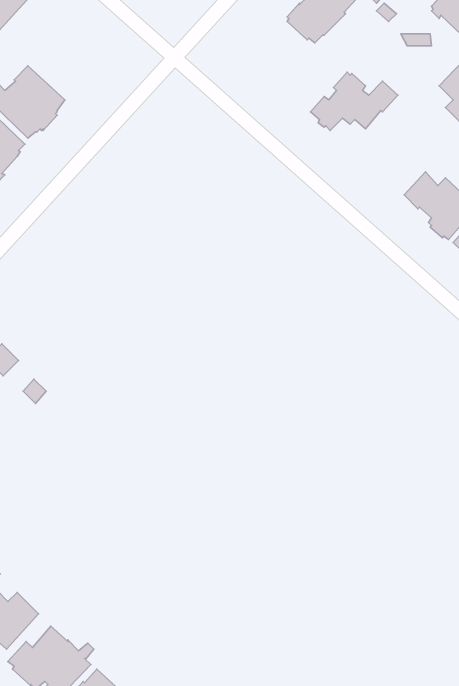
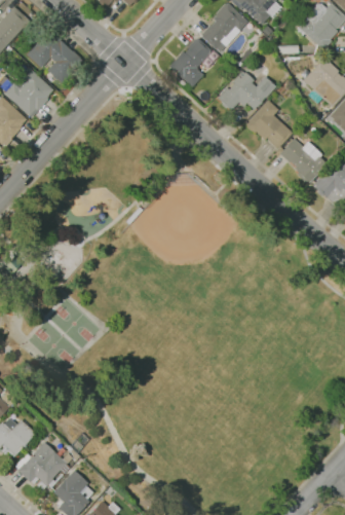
building: none -> [26,30,81,83]
building: none -> [168,38,210,87]
building: none -> [244,100,293,148]

